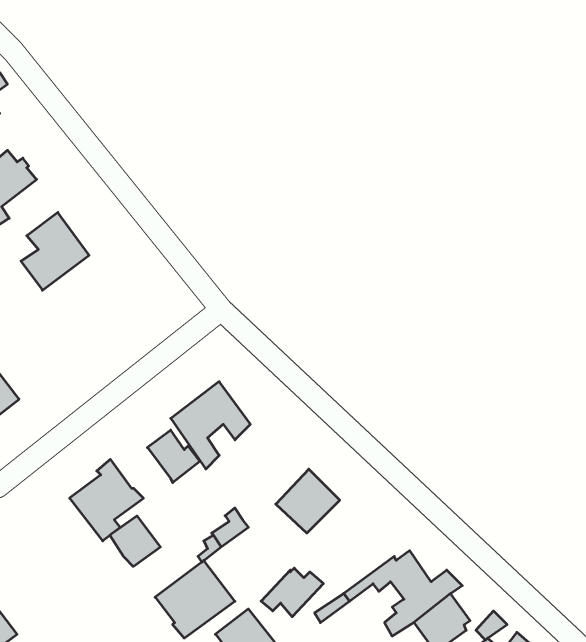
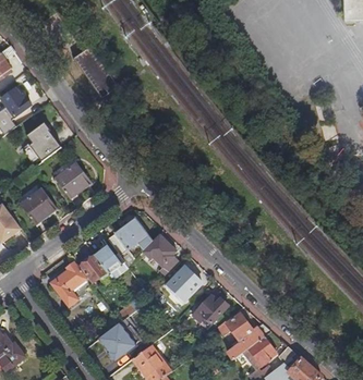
building: none -> [57,160,93,196]
building: none -> [22,187,59,222]
building: none -> [142,233,181,277]
building: [110,516,160,566] -> [80,254,108,282]
building: [261,568,323,617] -> [194,296,229,323]

